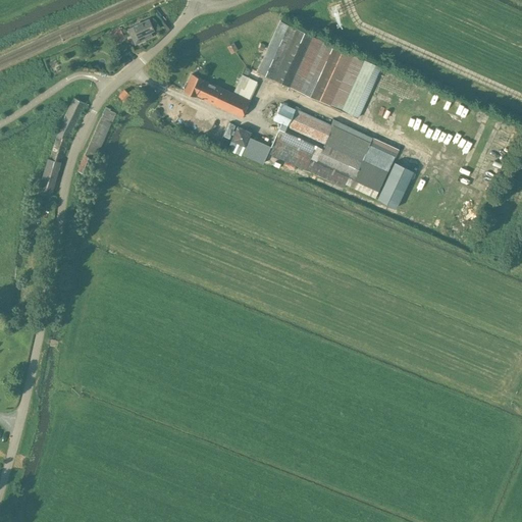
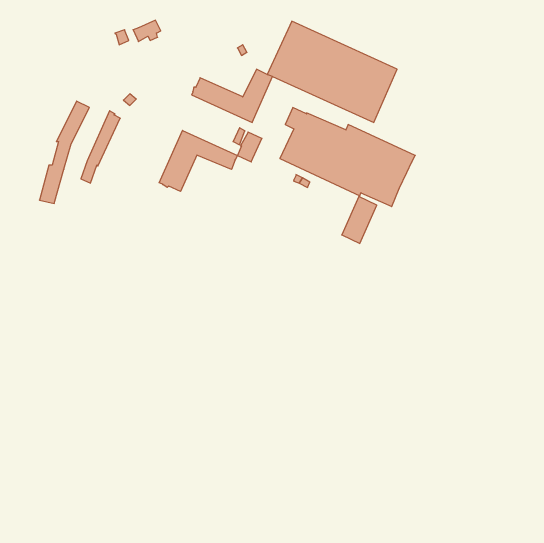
building: none -> [159,130,237,191]
building: [242,138,270,165] -> none
building: [378,163,412,208] -> [342,197,377,243]

